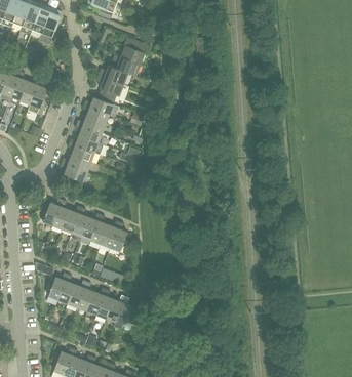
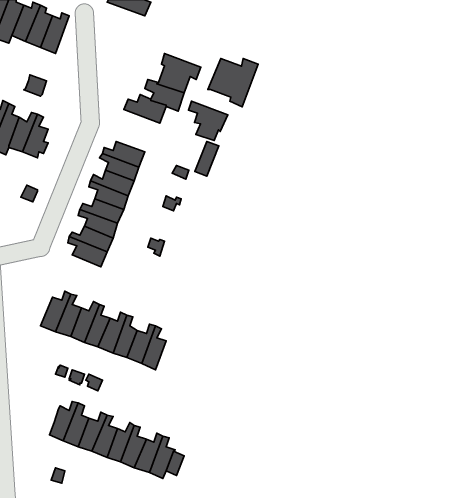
building: none -> [208,58,258,107]
building: [95,75,122,101] -> [188,101,228,140]

